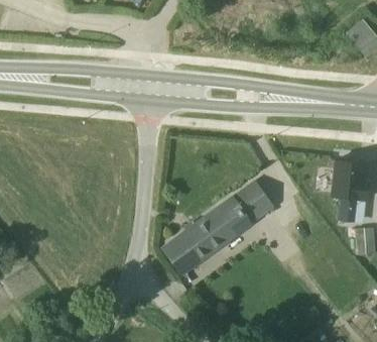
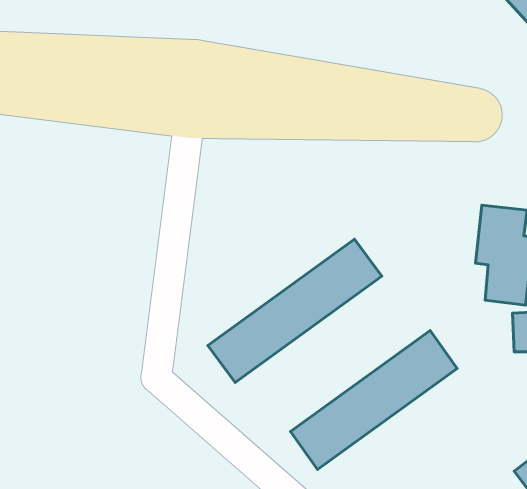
building: none -> [291,330,457,470]

